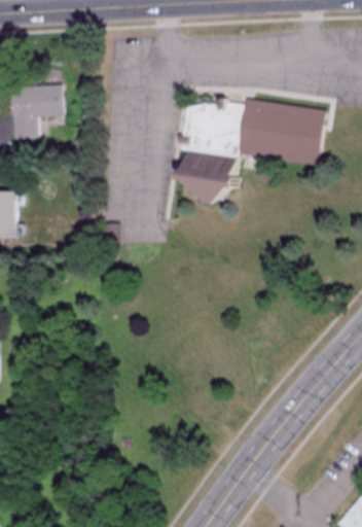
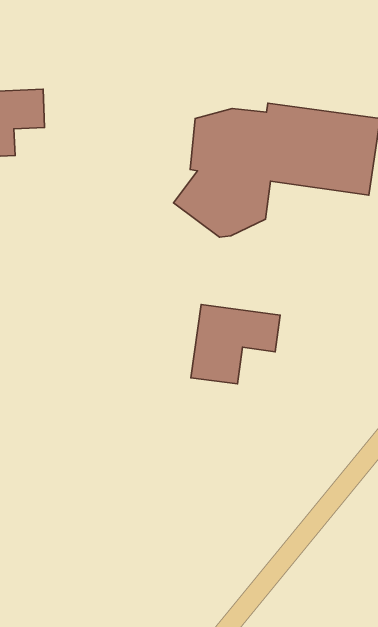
building: none -> [191,304,280,384]

